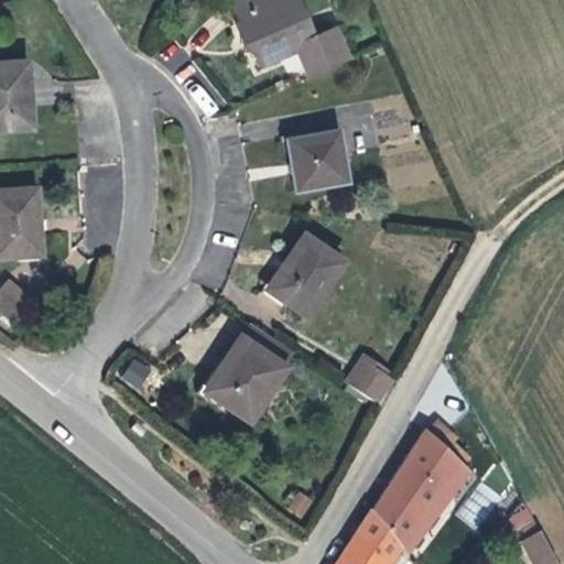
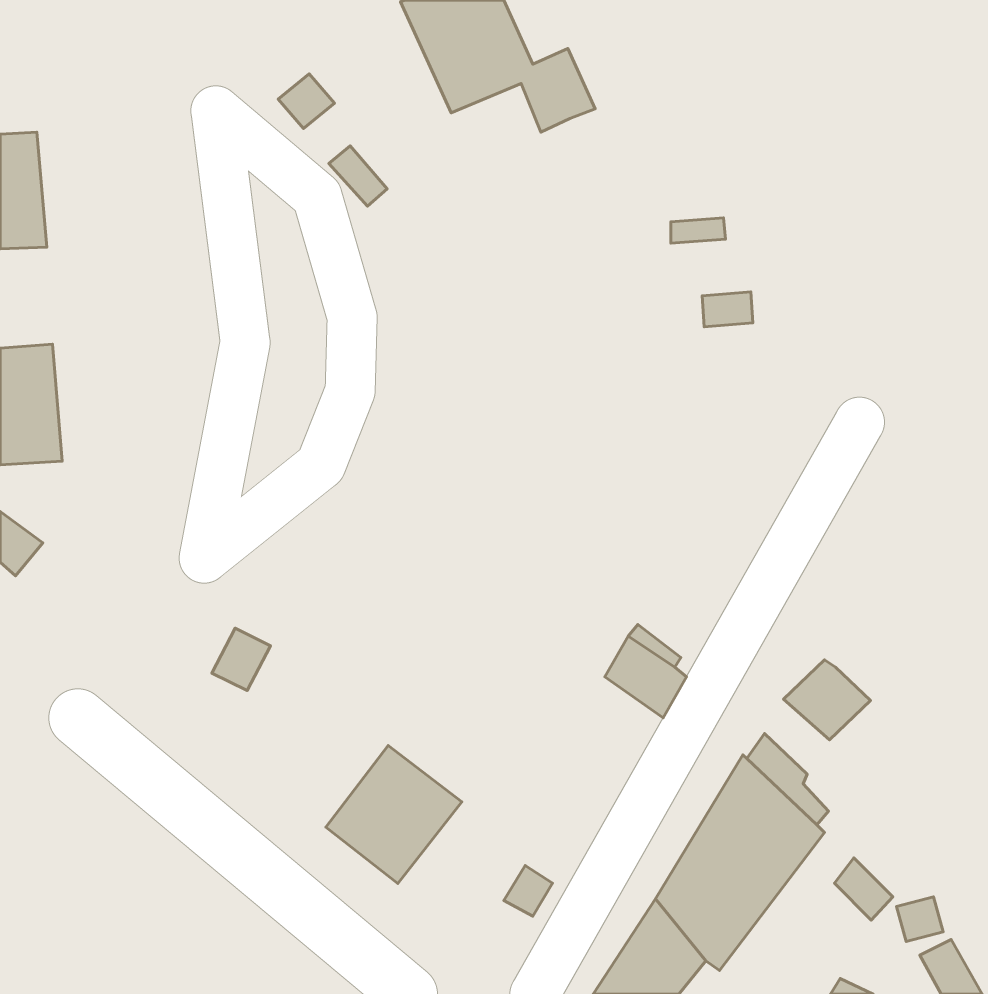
building: [284,108,349,183] -> none
building: [272,236,341,315] -> none
building: [203,344,280,422] -> [326,745,462,884]
building: none -> [784,660,871,740]

